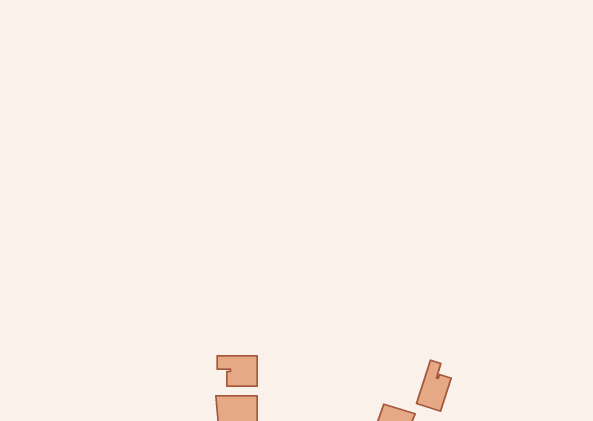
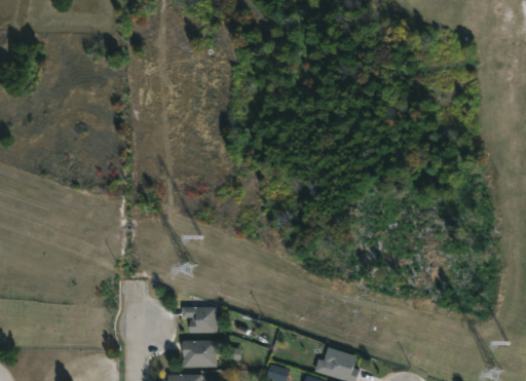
building: [416,360,451,411] -> none

